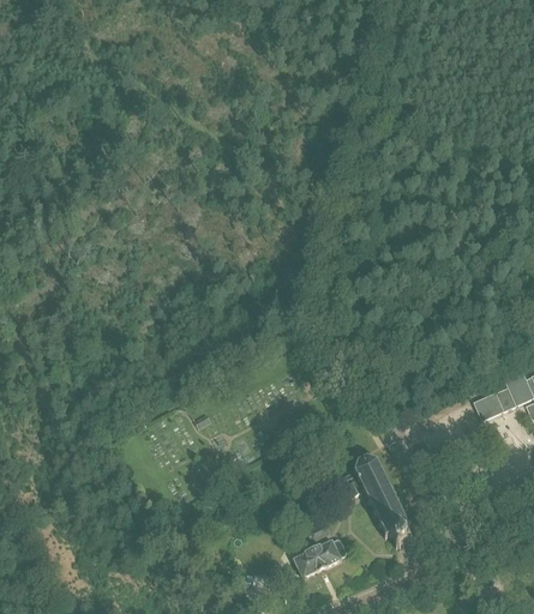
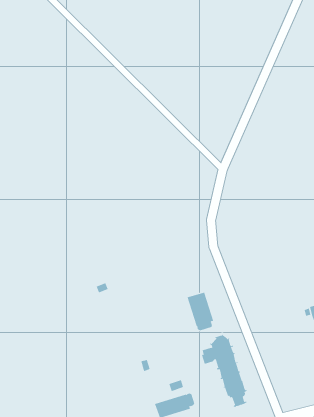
building: none -> [187,292,214,331]

